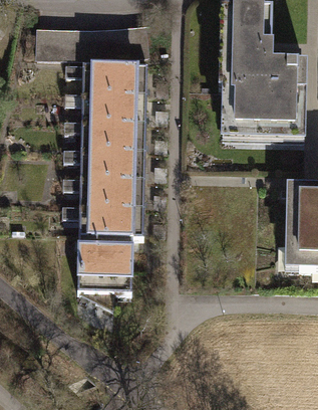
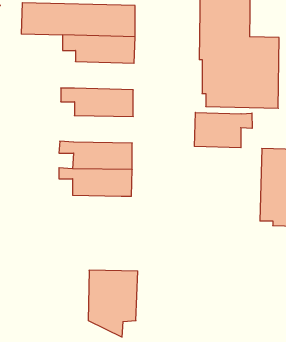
building: [67,87,147,119] -> none
building: none -> [194,112,252,148]
building: [66,146,146,177] -> none
building: [79,234,133,308] -> [88,270,138,337]

